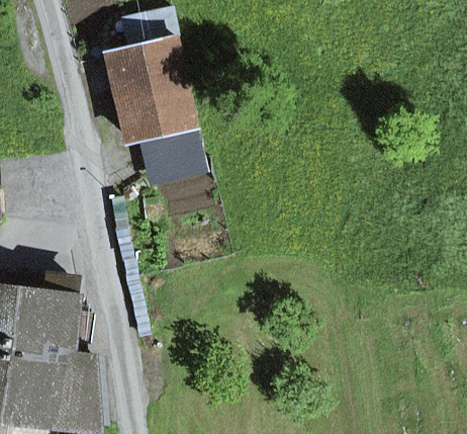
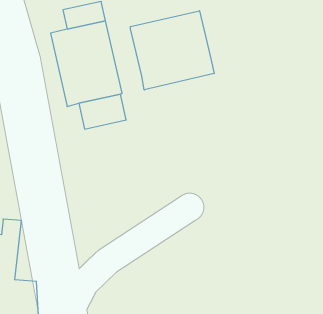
building: none -> [130,11,214,90]

